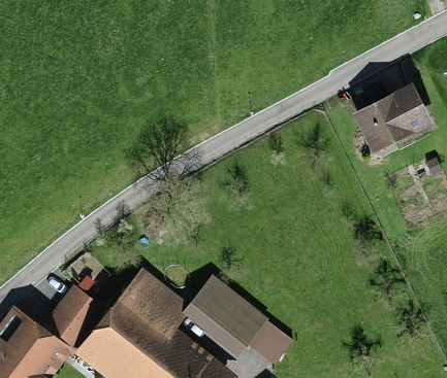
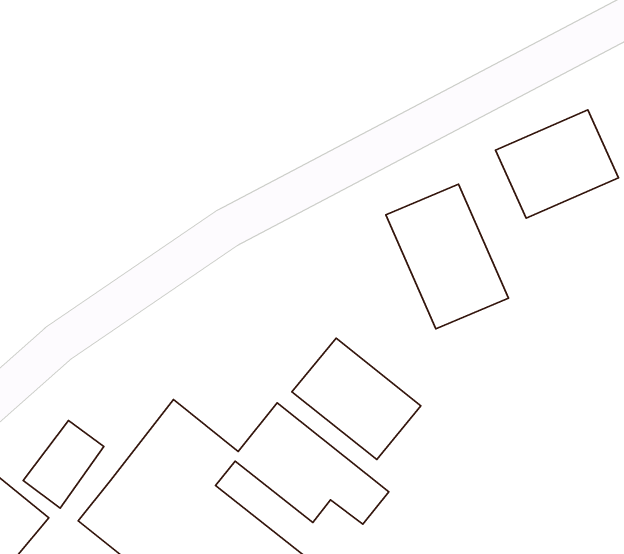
building: none -> [386,184,508,329]
building: none -> [292,338,421,460]

